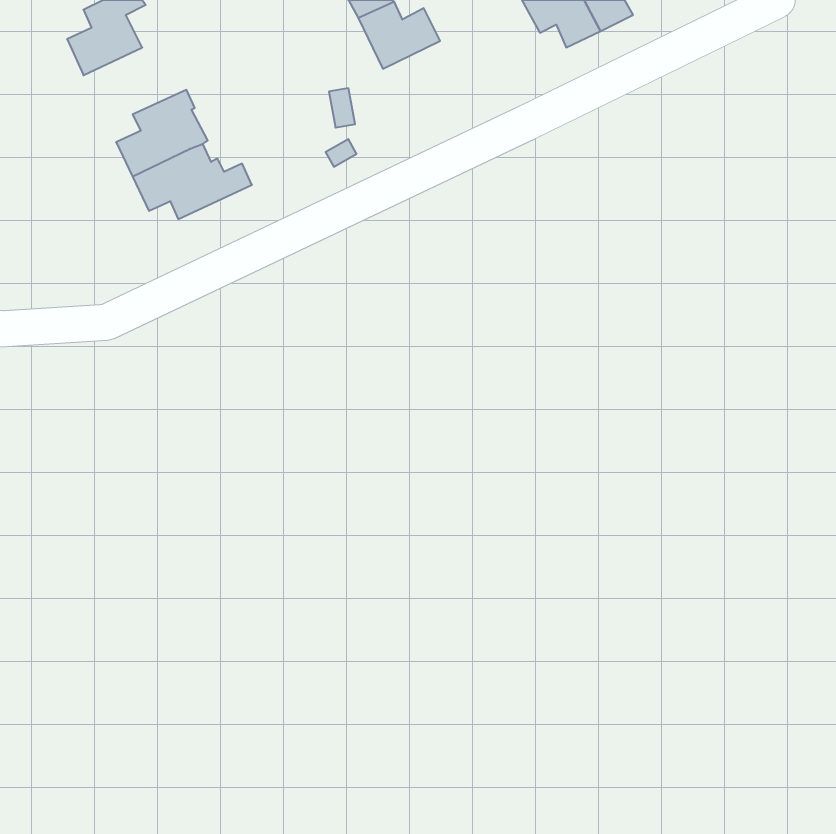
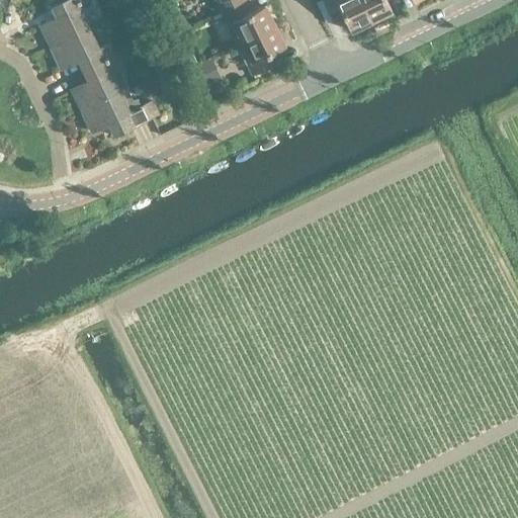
building: none -> [237,26,282,76]
building: none -> [52,30,115,72]

